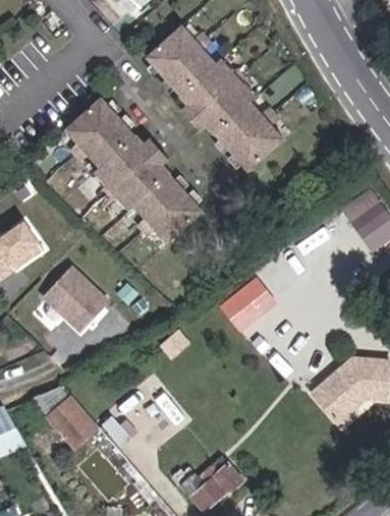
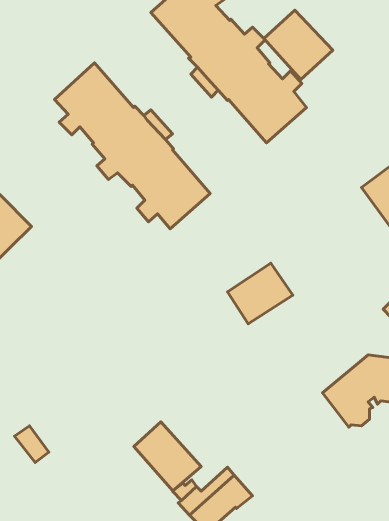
building: none -> [264,10,333,80]
building: [43,270,107,333] -> none
building: [52,401,94,452] -> none
building: none -> [134,422,201,491]

